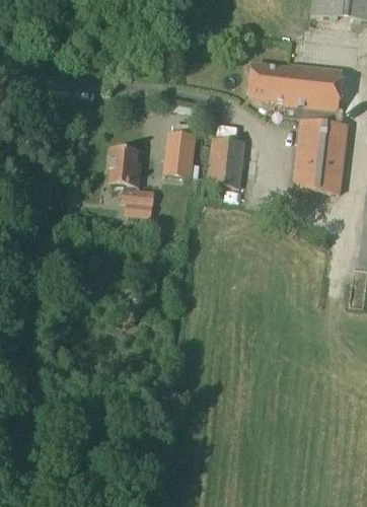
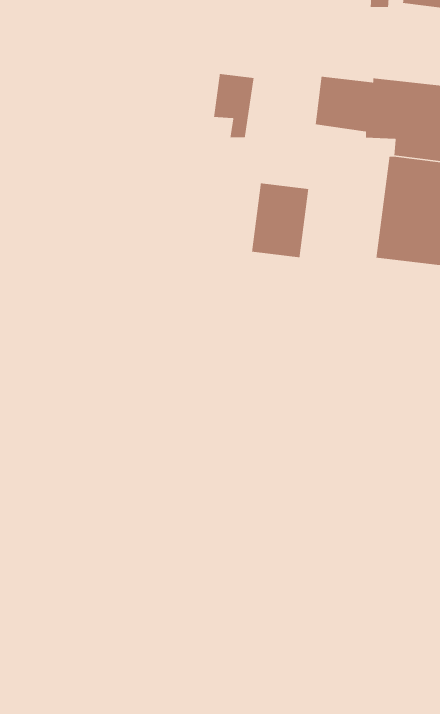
building: [168,131,197,175] -> [213,73,255,138]
building: [109,147,155,224] -> none

